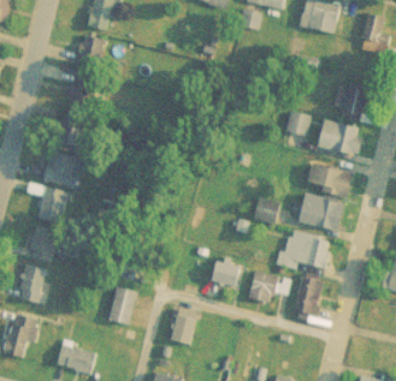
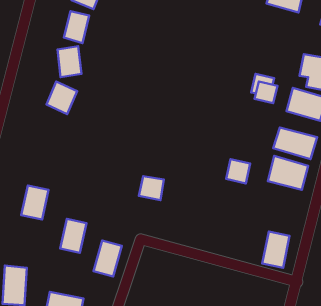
building: [42,150,84,190] -> none
building: [32,184,70,224] -> none
building: [279,230,330,270] -> none
building: [212,261,240,287] -> [139,176,164,200]
building: [18,266,47,303] -> [60,219,87,253]
building: [248,272,277,302] -> none
building: [170,314,196,344] -> none

